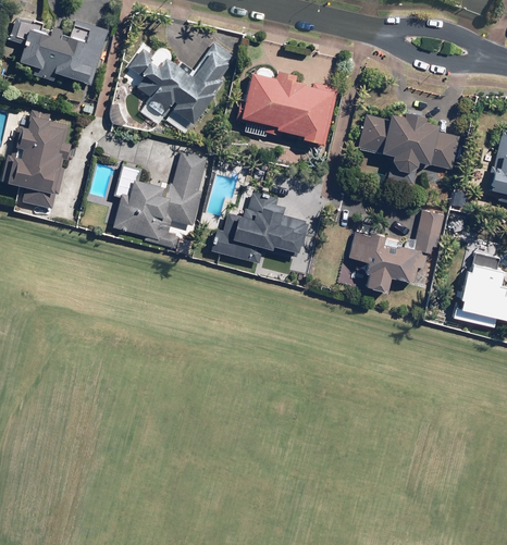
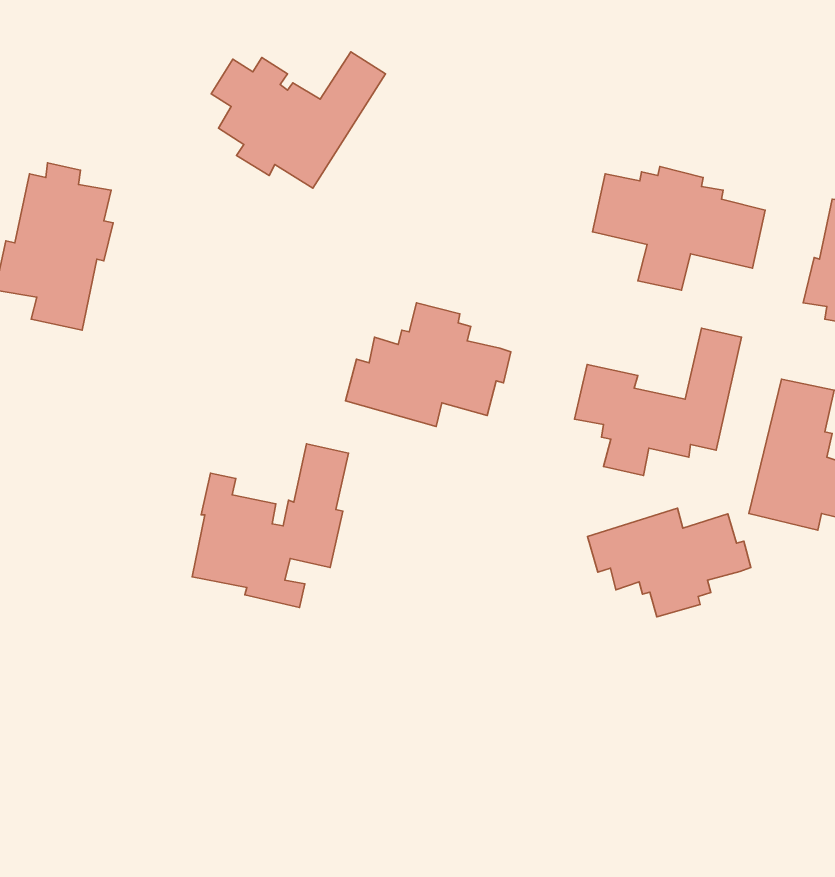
building: [11,20,110,87] -> none
building: [235,67,341,148] -> none
building: [112,150,206,248] -> [192,444,348,608]
building: none -> [587,508,751,617]

